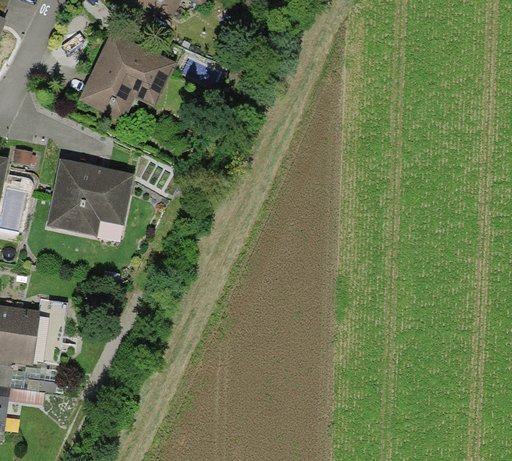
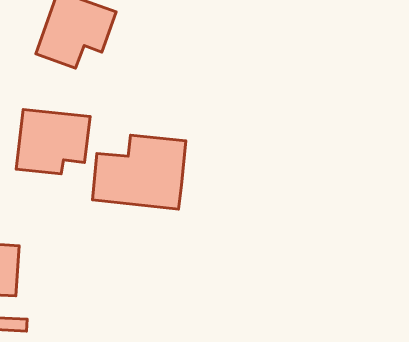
building: none -> [93,135,186,209]

